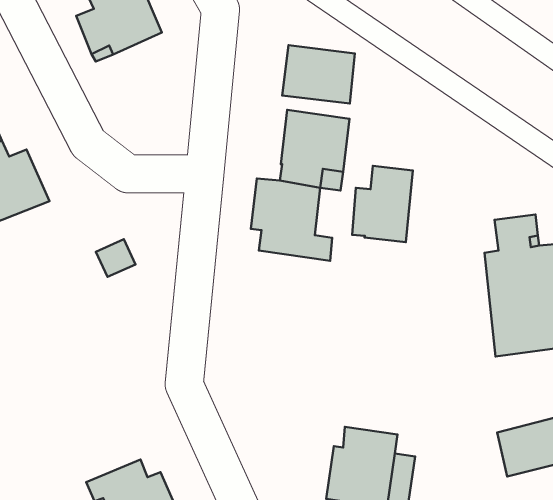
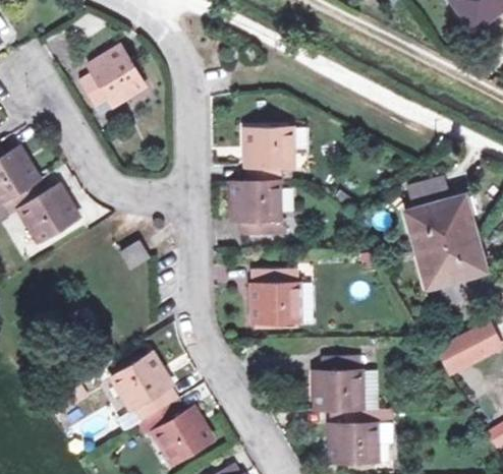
building: [282,45,355,103] -> none
building: [352,166,413,242] -> none
building: none -> [254,269,299,322]
building: none -> [109,354,175,423]

